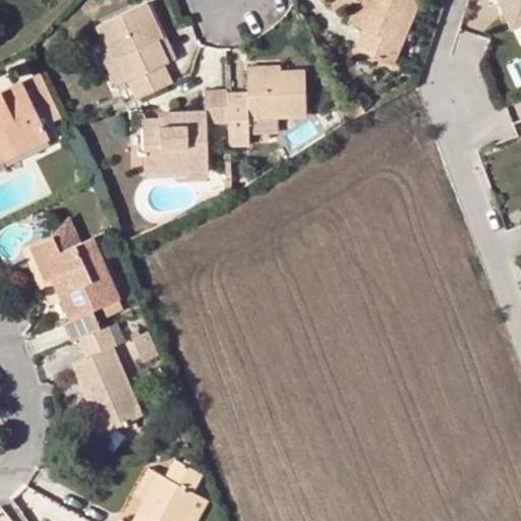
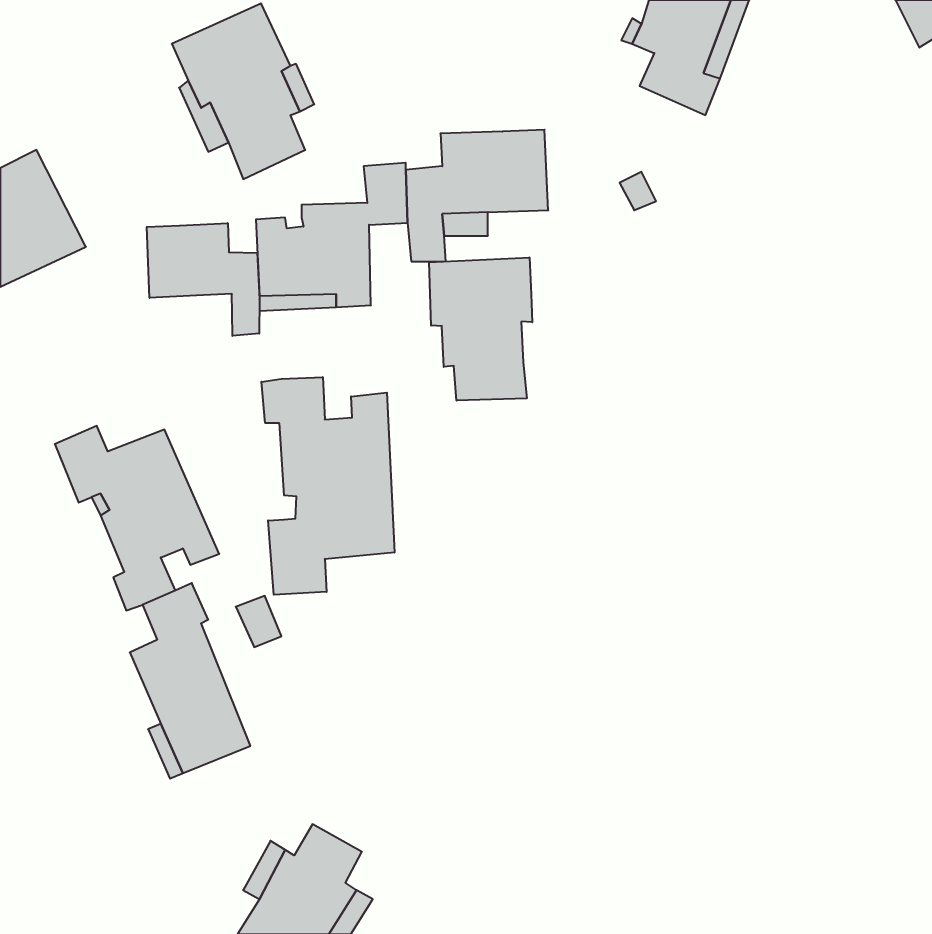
building: none -> [147,223,259,336]
building: none -> [429,257,532,401]
building: none -> [261,377,394,595]

